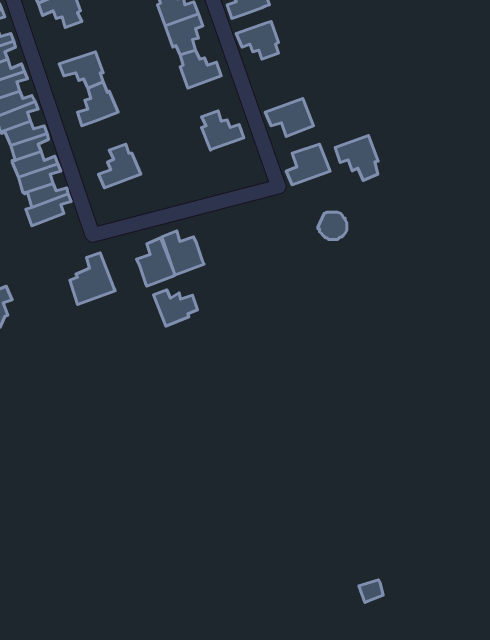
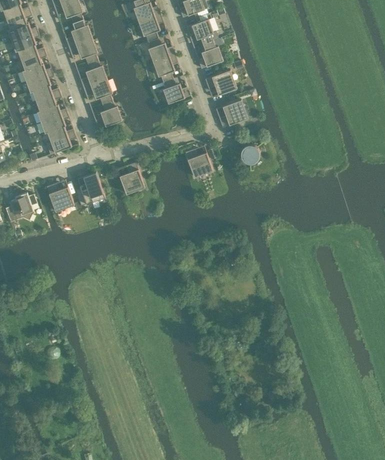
building: none -> [64,18,91,46]
building: none -> [196,39,221,68]
building: none -> [152,54,177,81]
building: none -> [82,78,111,103]
building: [335,135,378,180] -> none
building: [162,231,204,275] -> [184,147,212,176]
building: none -> [45,182,73,210]
building: [154,290,198,326] -> none

